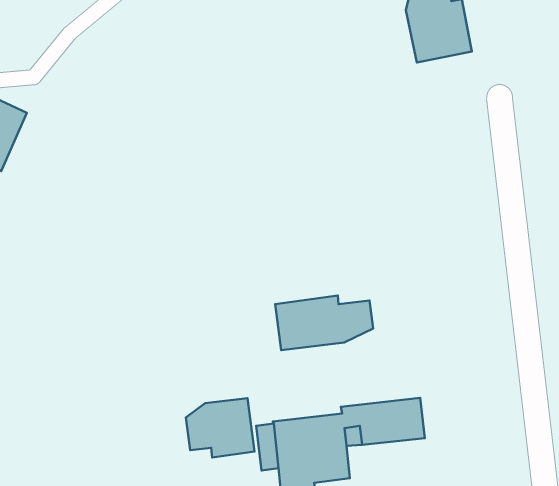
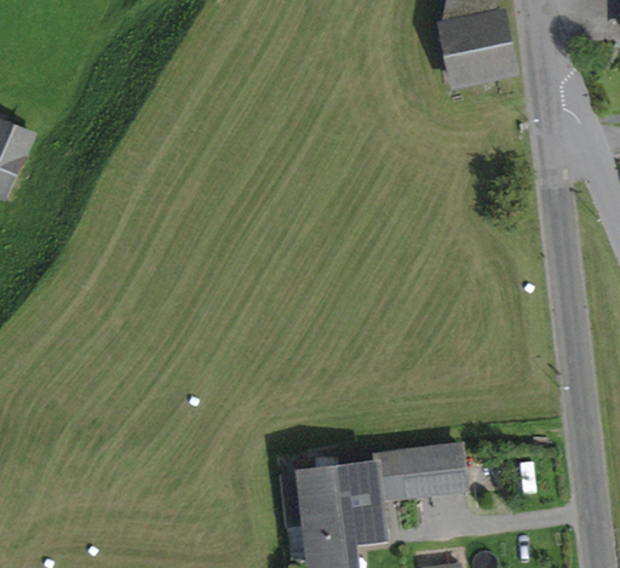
building: [275,296,373,350] -> none
building: [186,398,255,458] -> none

